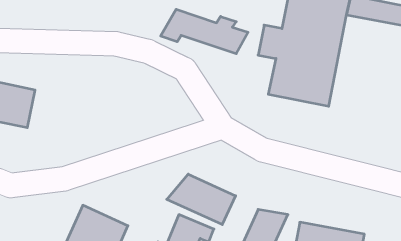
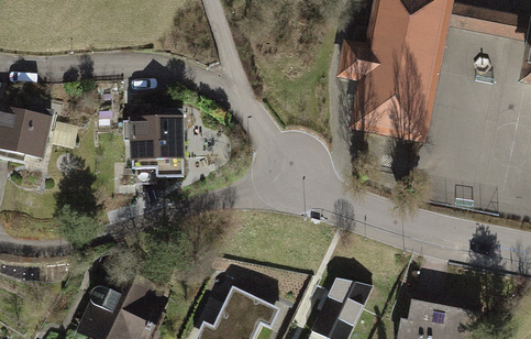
building: [161,9,248,54] -> none
building: none -> [120,121,178,173]
building: [167,174,236,225] -> none

